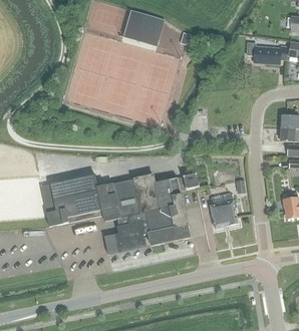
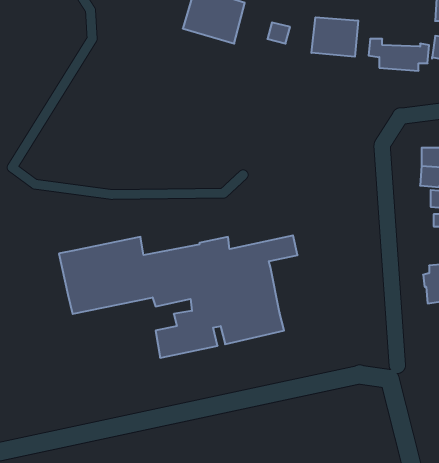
building: none -> [311,17,358,57]
building: [210,193,239,229] -> none

